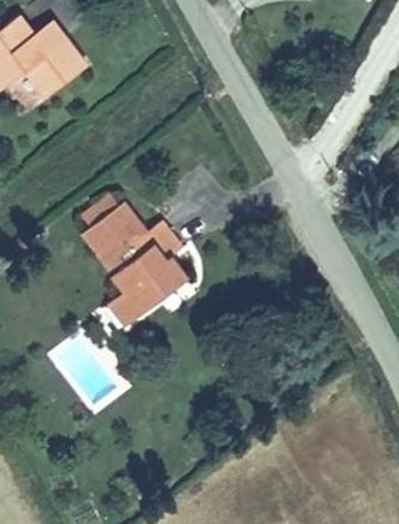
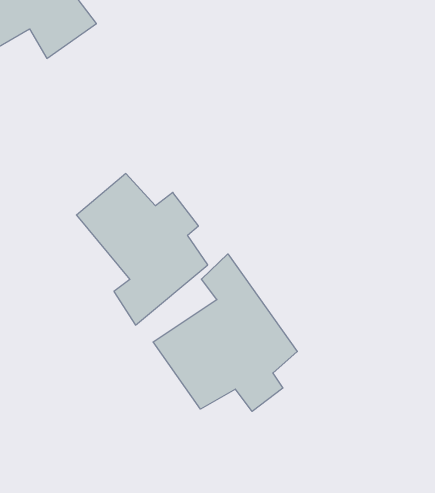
building: none -> [153,254,297,411]

